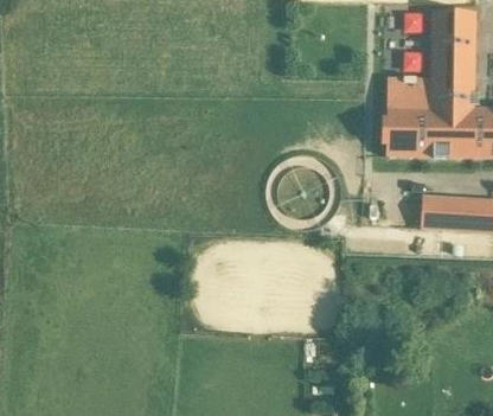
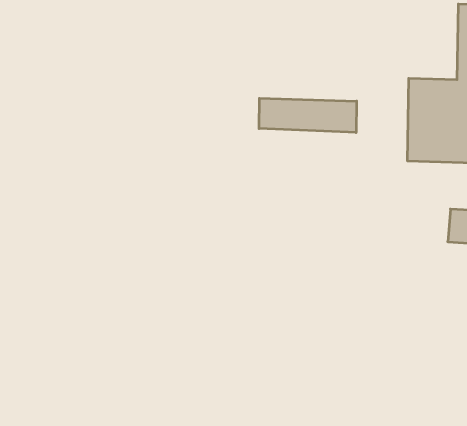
building: none -> [259,98,357,133]

